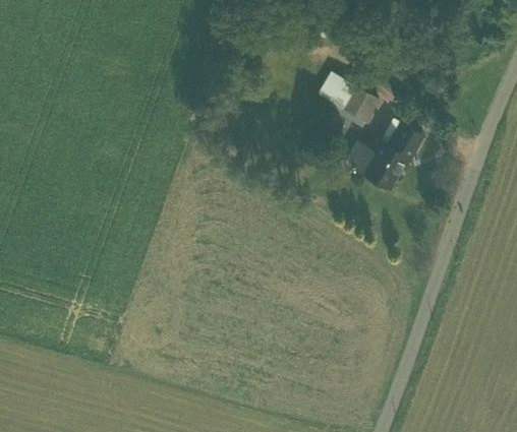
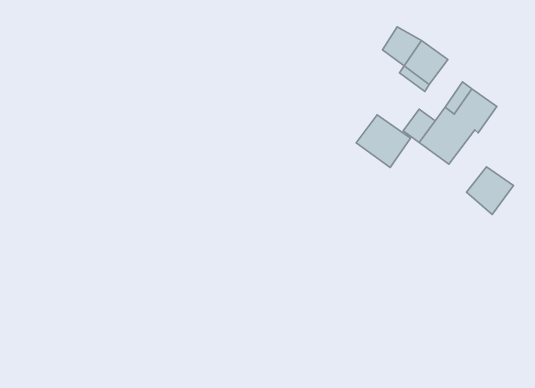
building: none -> [356,115,410,167]
building: none -> [467,167,513,215]

